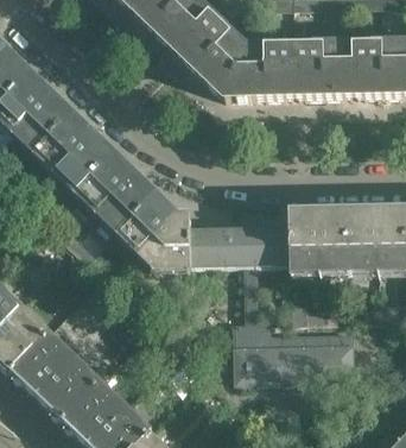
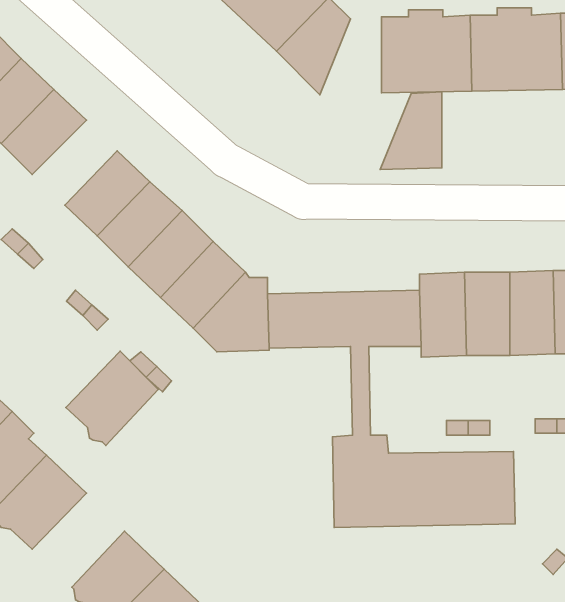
building: [226,44,266,95] -> [380,92,442,170]
building: [37,112,93,168] -> none
building: [37,356,97,418] -> [66,351,158,445]

